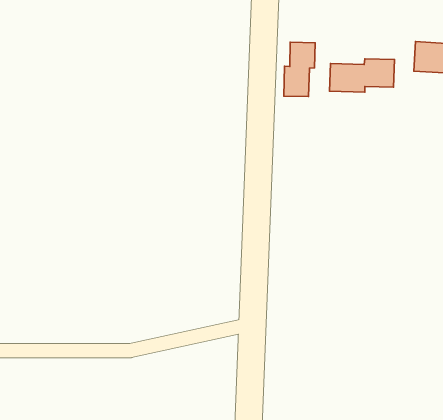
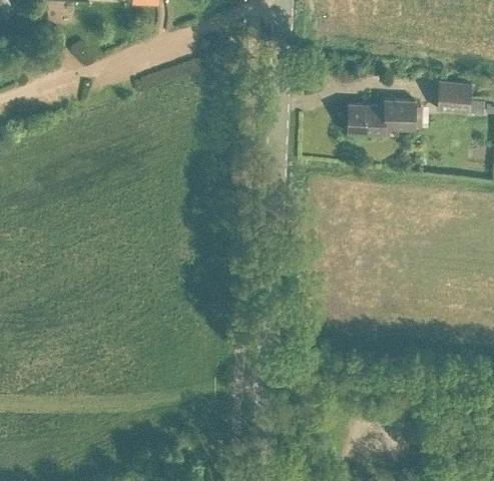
building: [284,42,315,97] -> none

